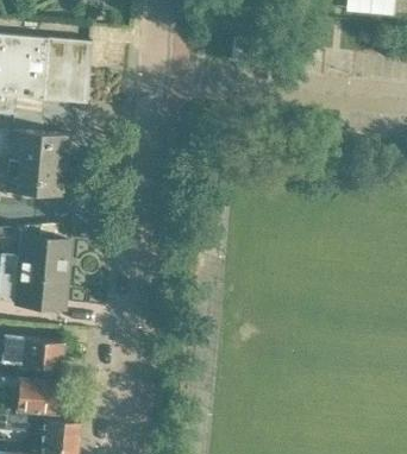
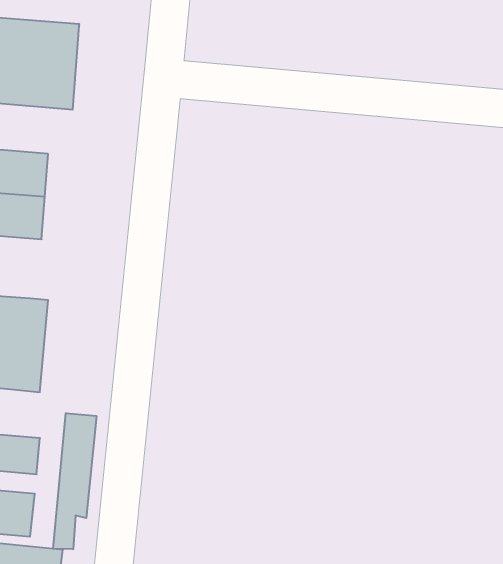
building: none -> [53,413,96,549]

